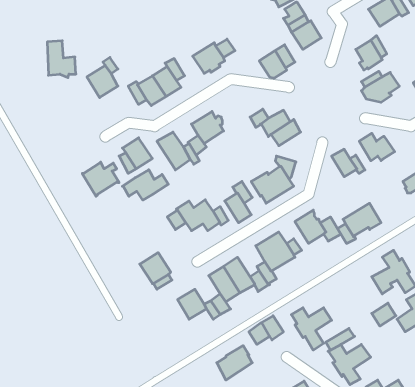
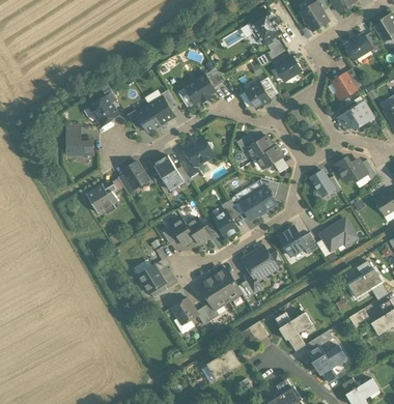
building: [47,41,76,78] -> [66,123,92,156]
building: [122,170,168,200] -> none

